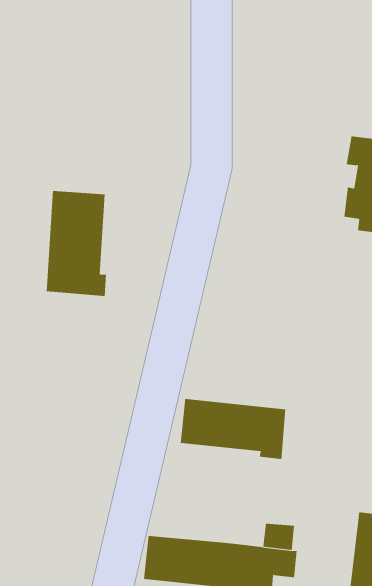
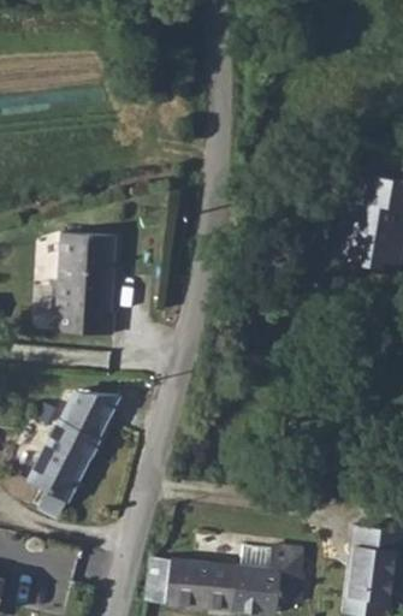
building: none -> [26,387,114,516]
building: [180,398,286,460] -> none

